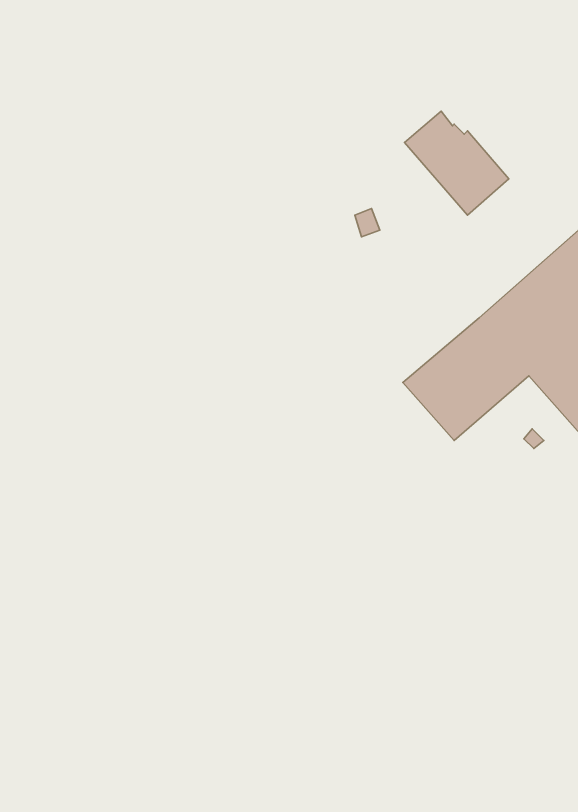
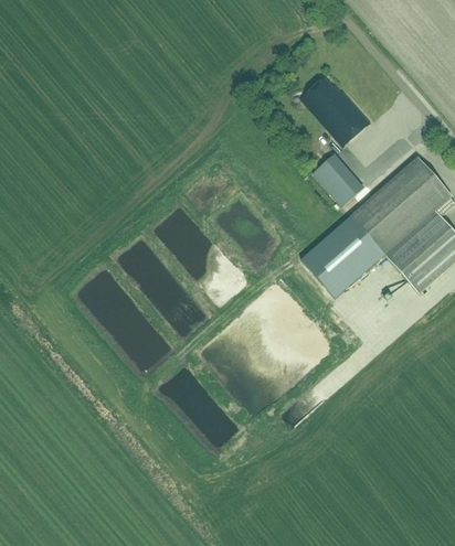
building: none -> [313,153,362,205]

